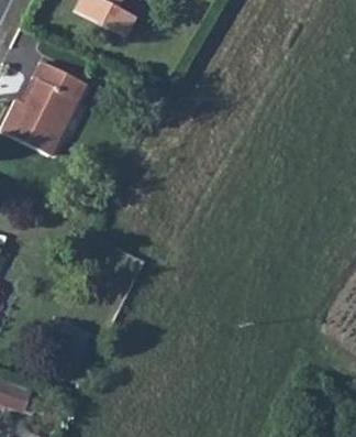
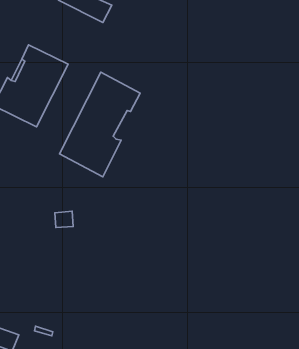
building: none -> [59,72,140,177]

